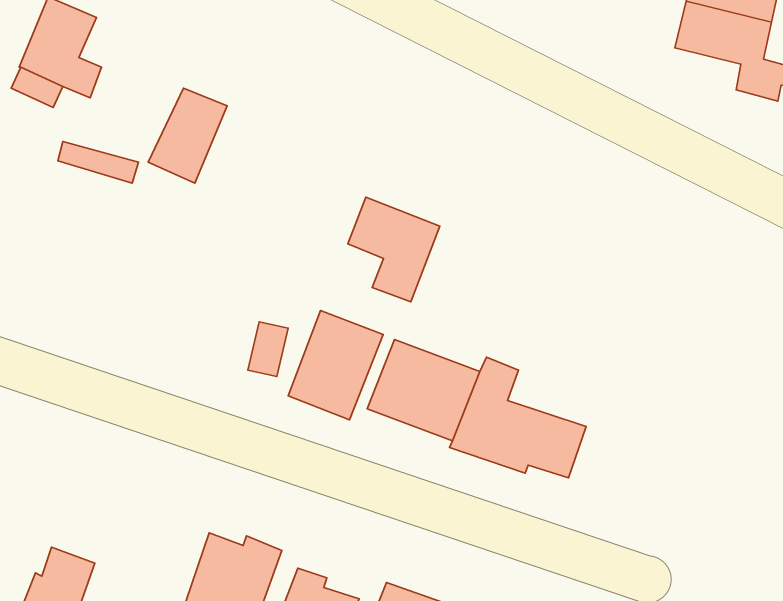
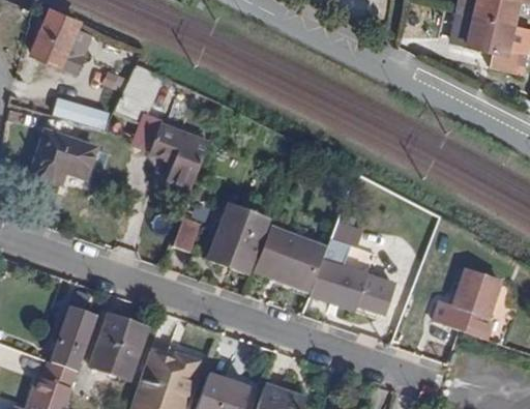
building: none -> [30,128,96,180]
building: [348,197,440,302] -> [149,122,208,189]
building: none -> [432,268,503,337]
building: none -> [51,302,98,370]
building: none -> [91,319,148,378]

